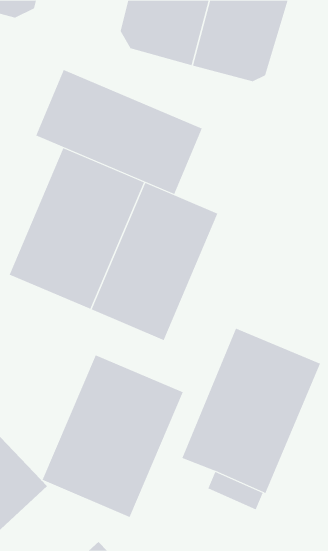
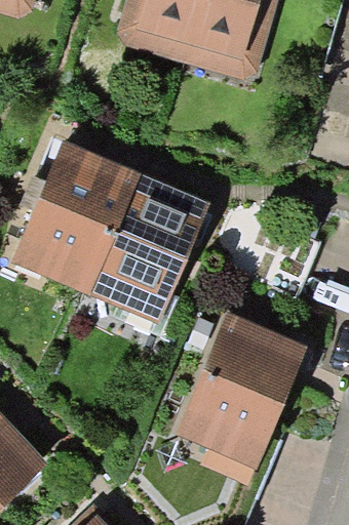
building: [35,69,202,195] -> none
building: [42,354,183,518] -> none

